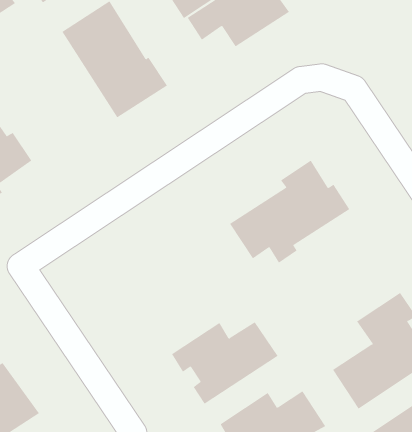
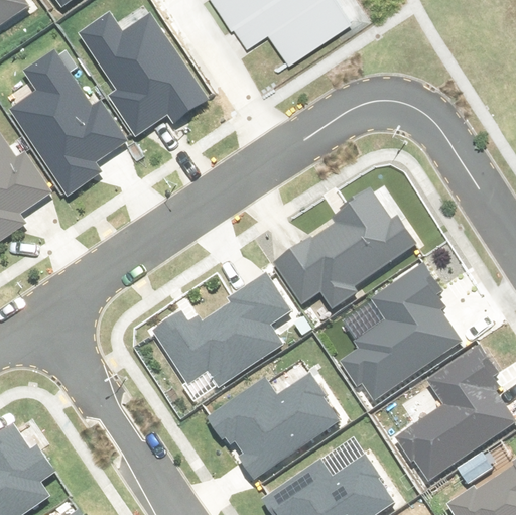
building: none -> [19,55,123,187]
building: none -> [348,267,455,397]
building: none -> [153,275,288,384]

